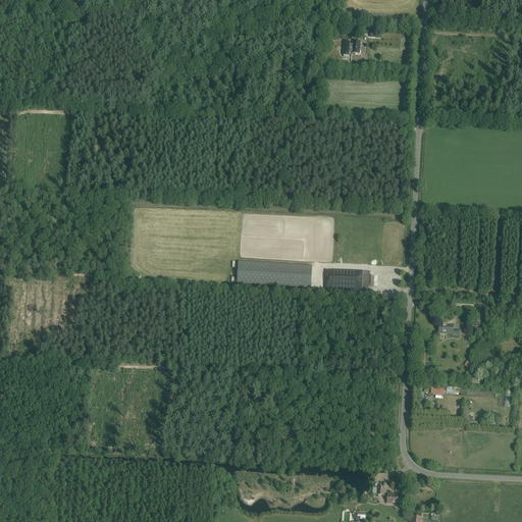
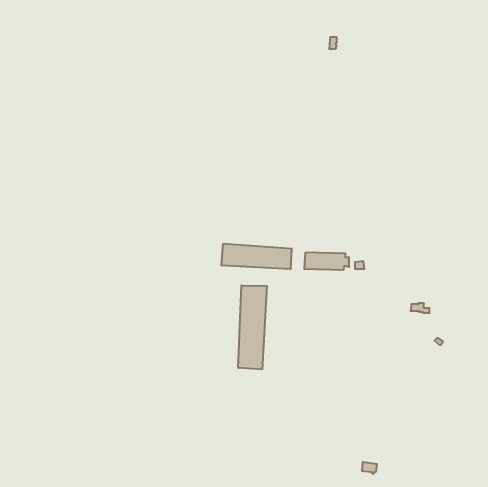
building: none -> [238,285,267,369]

